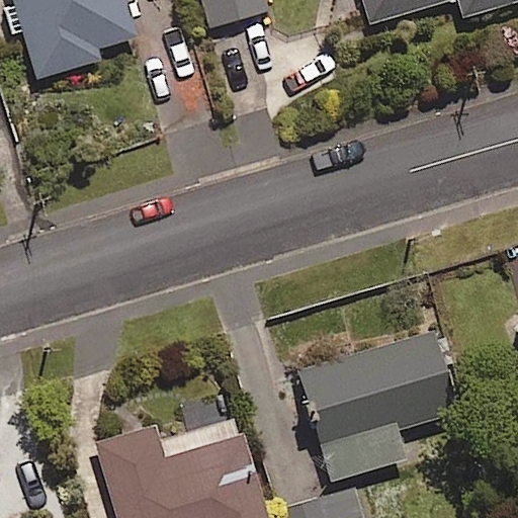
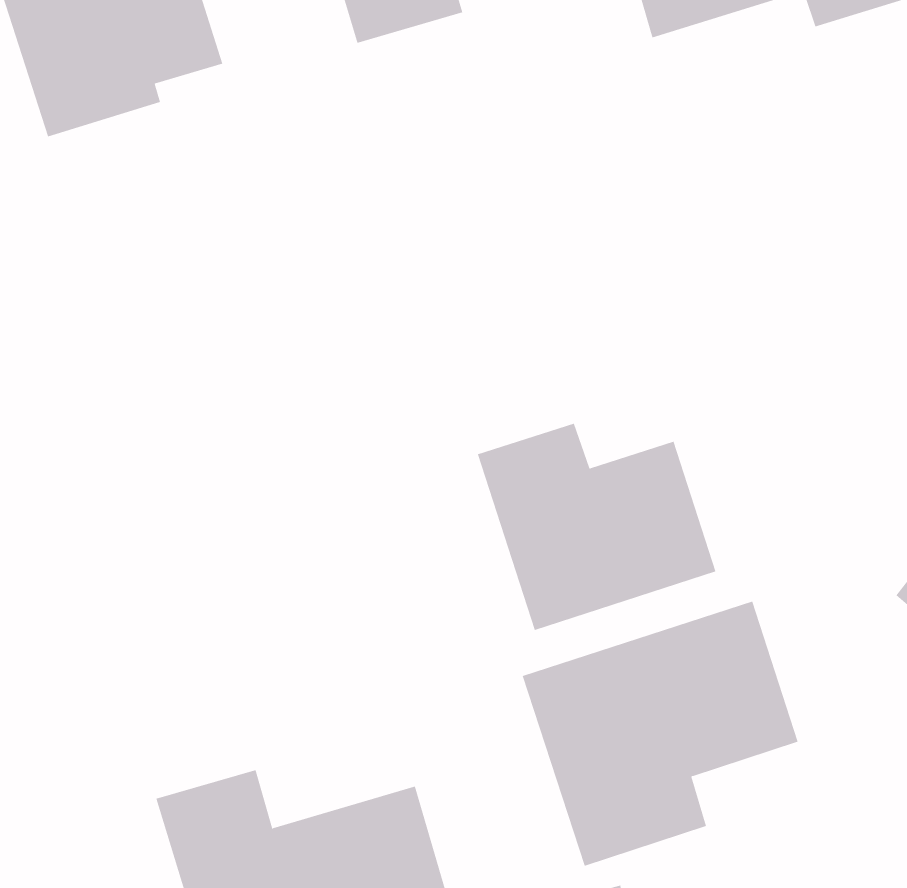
building: none -> [477,423,716,631]

